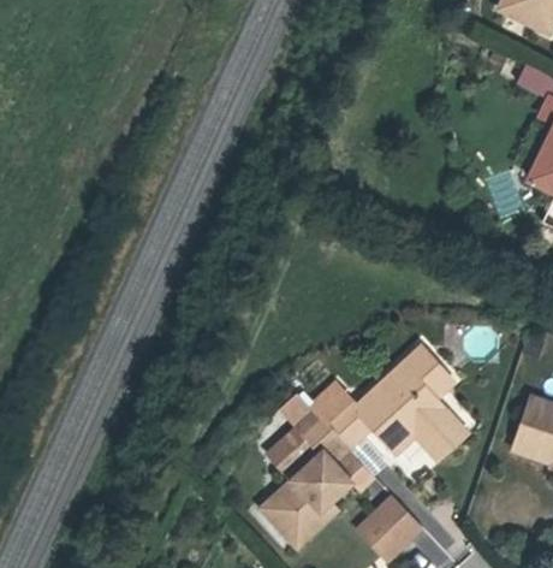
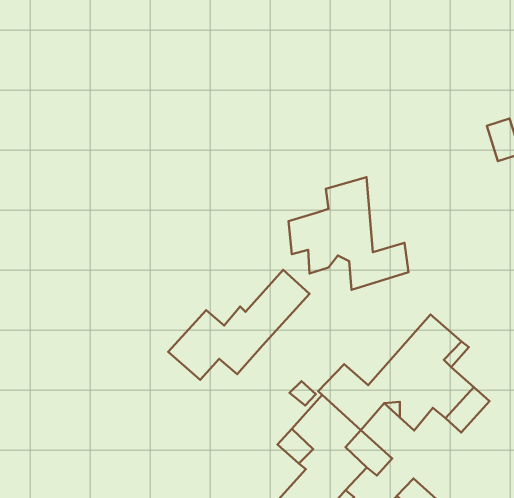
building: none -> [289,177,409,290]
building: none -> [168,270,310,380]

